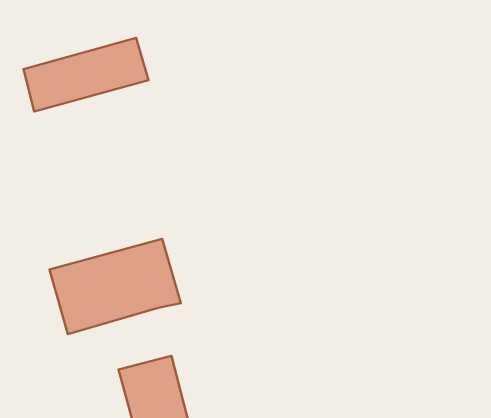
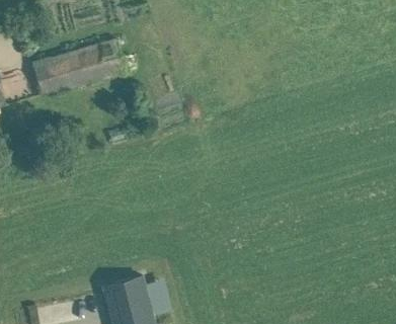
building: [49,239,181,334] -> none

